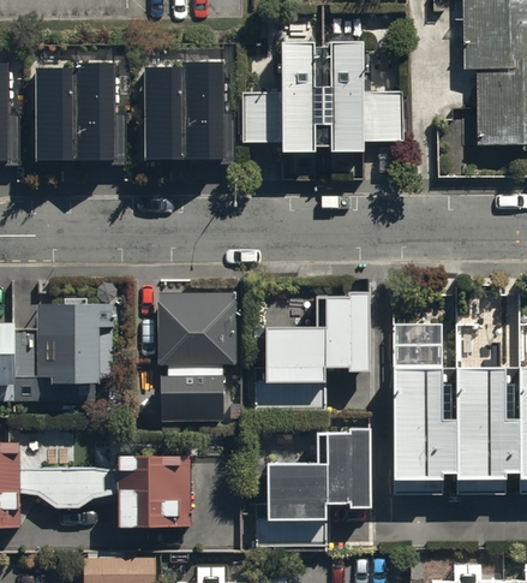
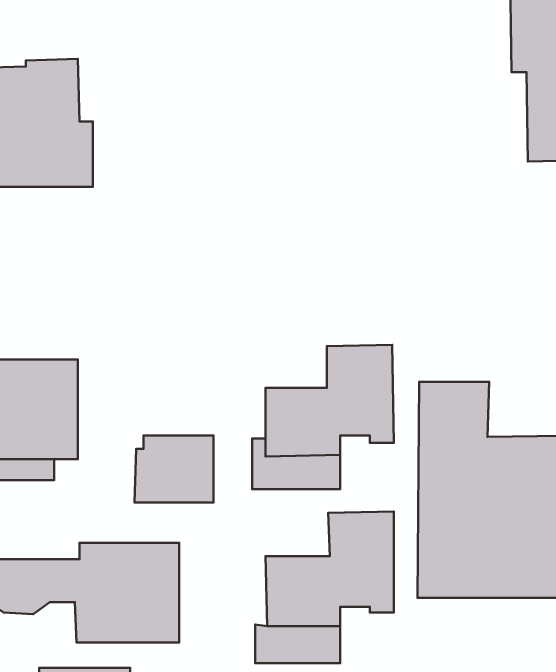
building: [242,40,402,159] -> none
building: [144,59,235,163] -> none
building: [161,293,236,364] -> none

